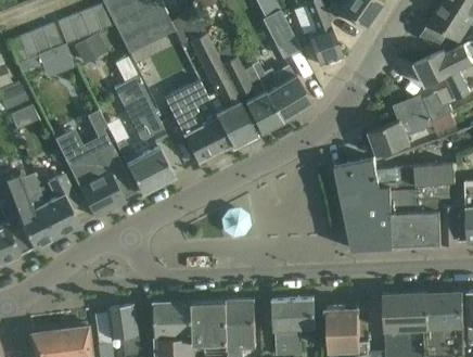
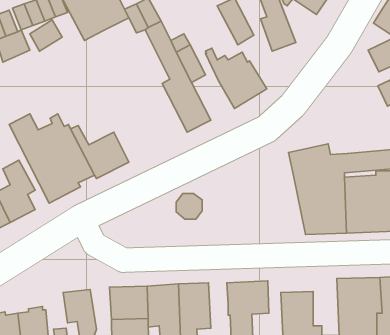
building: [242,67,280,132] -> none
building: [114,75,167,143] -> none
building: [164,80,232,165] -> none
building: [369,95,432,156] -> none

